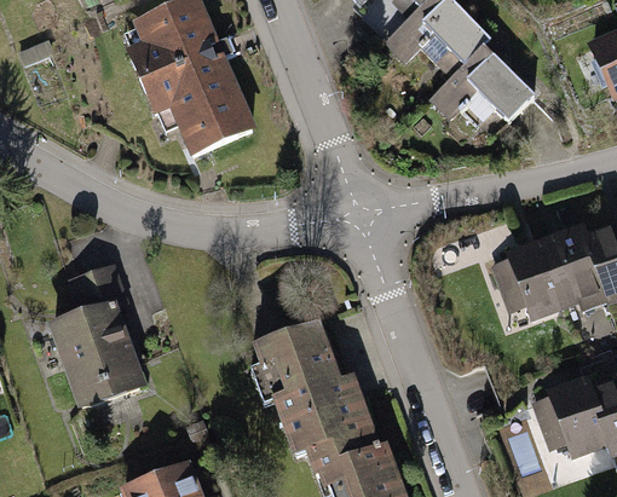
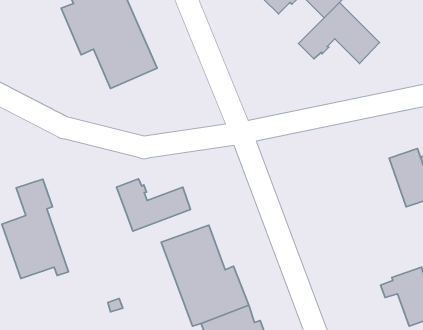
building: [495,241,569,317] -> none
building: none -> [116,179,190,231]

